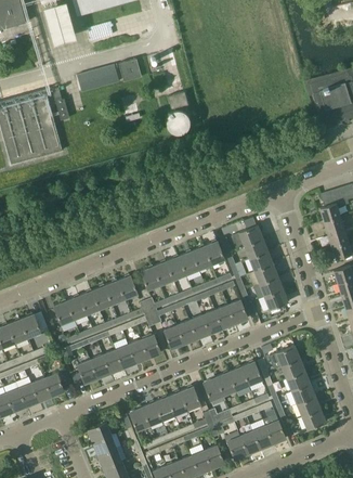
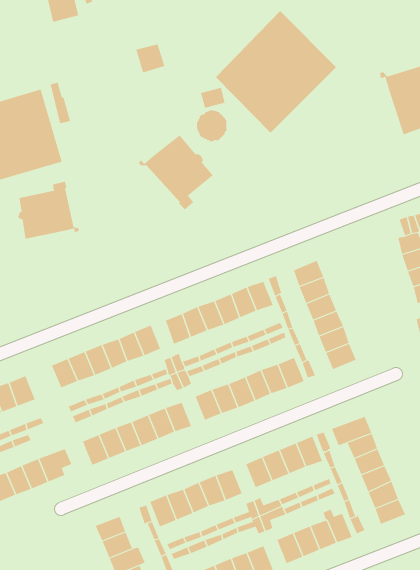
building: none -> [215,10,337,133]
building: [78,64,120,92] -> none
building: none -> [138,134,214,210]
building: none -> [18,181,79,239]

